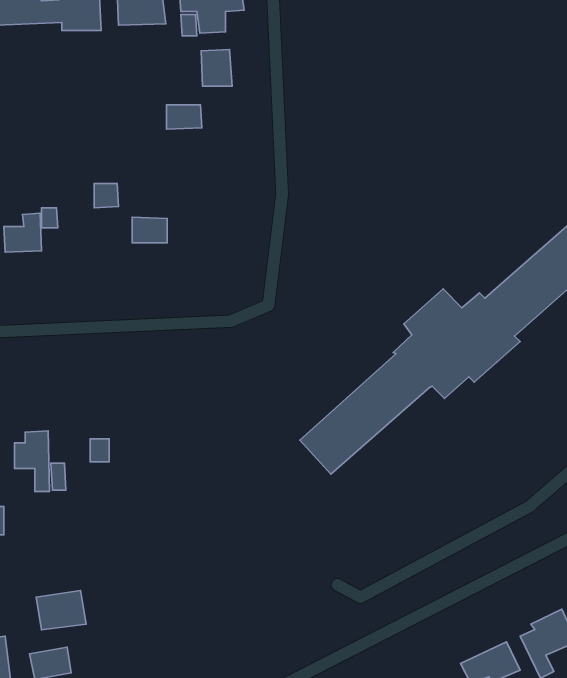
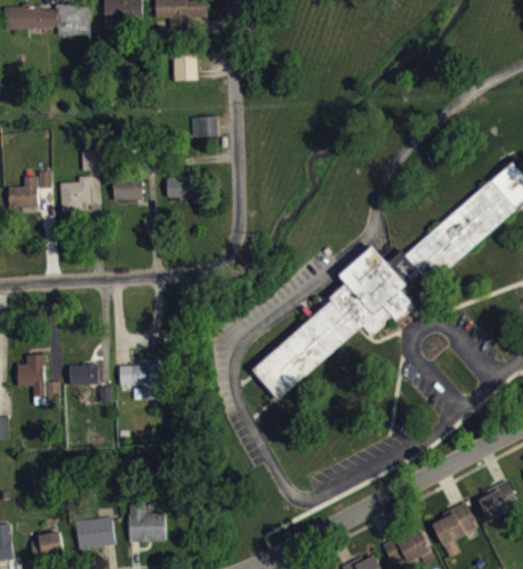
building: [167,105,202,129] -> [190,119,219,139]
building: none -> [61,178,92,213]
building: none -> [168,179,198,201]
building: none -> [120,367,161,402]
building: [36,590,86,630] -> [76,519,117,551]
building: none -> [130,505,167,545]

